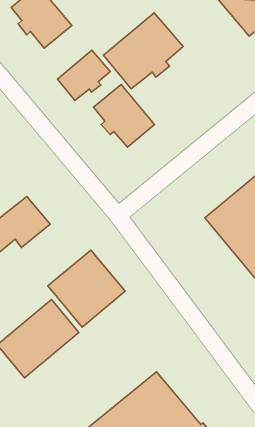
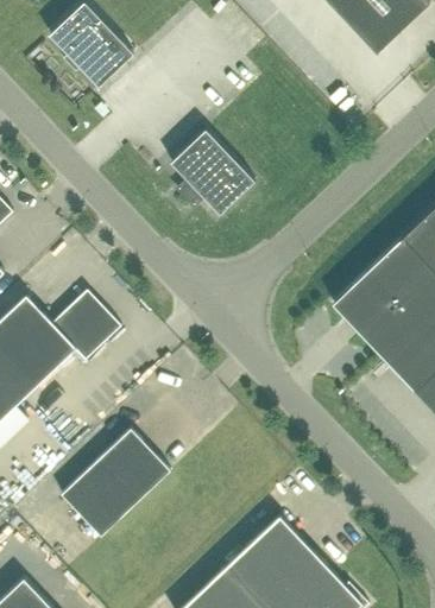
building: [103,13,183,89] -> none
building: [57,50,110,100] -> none
building: [48,250,125,327] -> none

